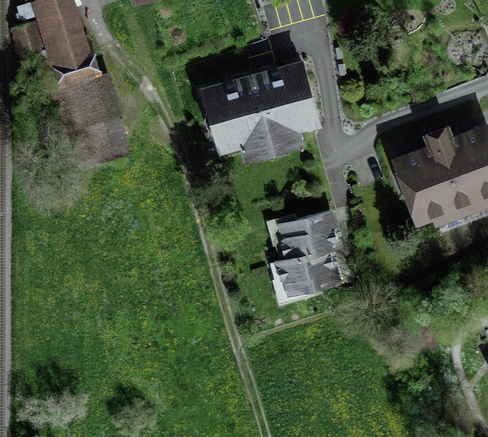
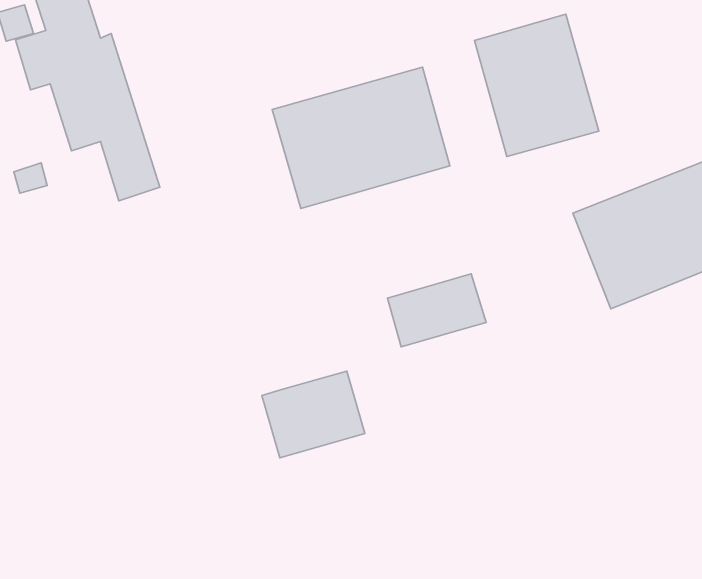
building: none -> [474,14,599,156]
building: [271,239,339,296] -> [262,371,365,458]

